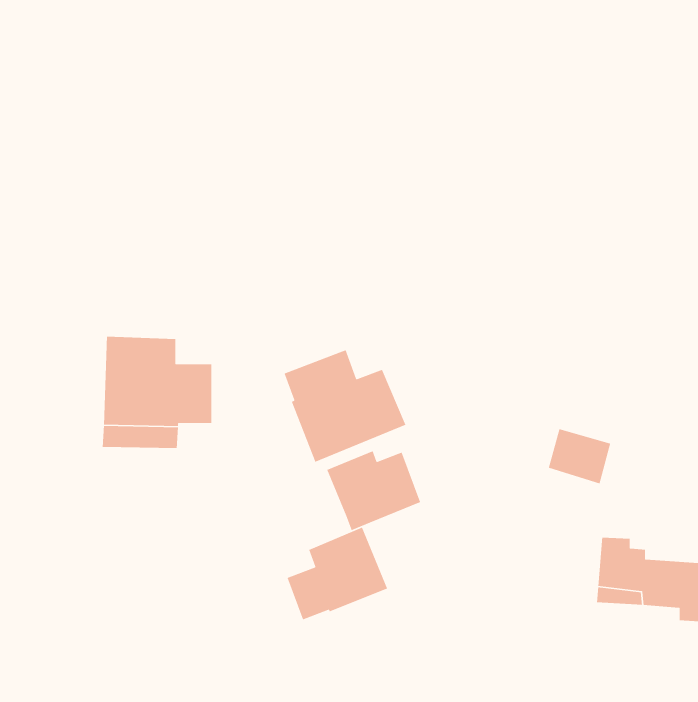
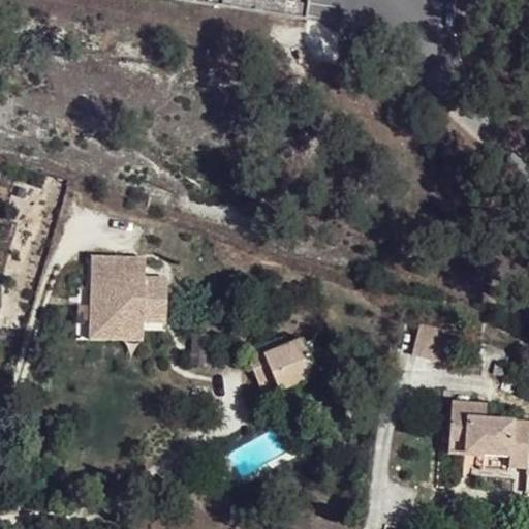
building: [284,349,406,463] -> none
building: [286,526,388,620] -> none

